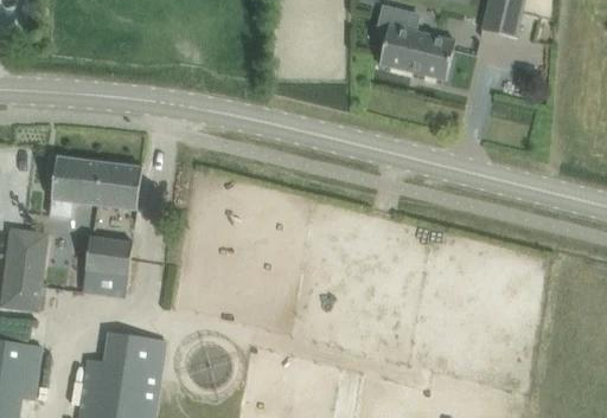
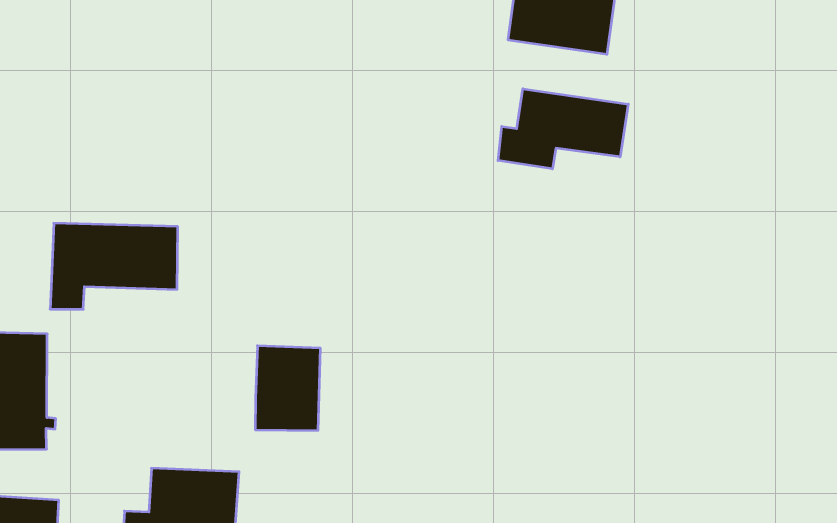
building: none -> [498,89,628,169]
building: [83,237,133,298] -> [255,346,320,430]

